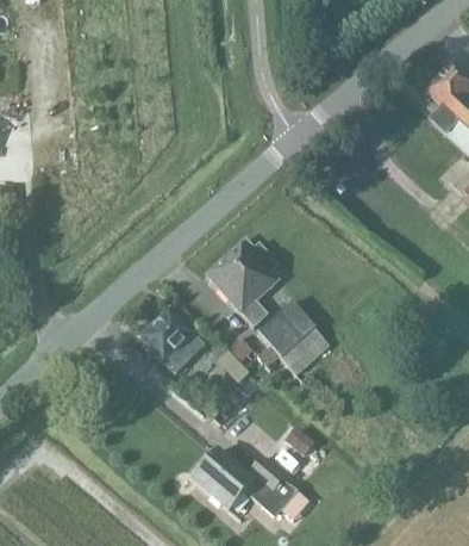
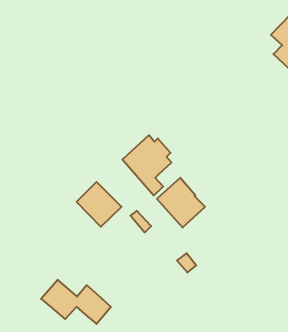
building: [192,449,295,515] -> [41,280,111,324]

